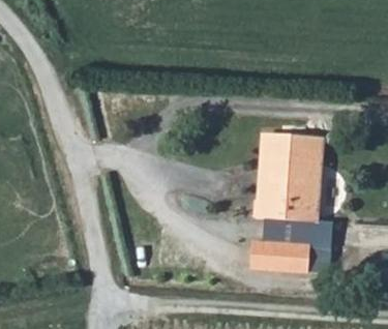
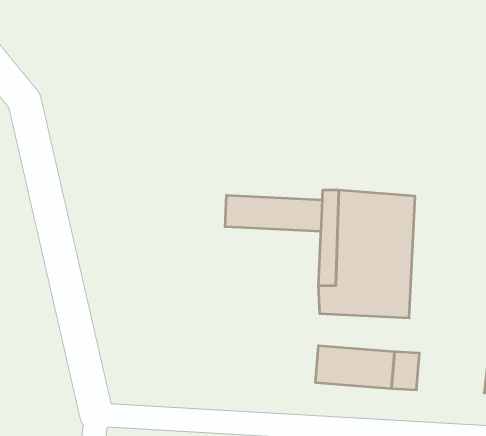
building: none -> [225,195,322,231]

